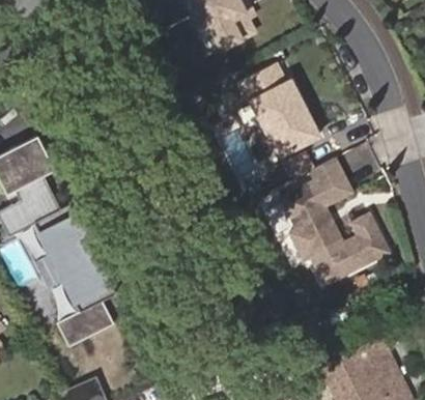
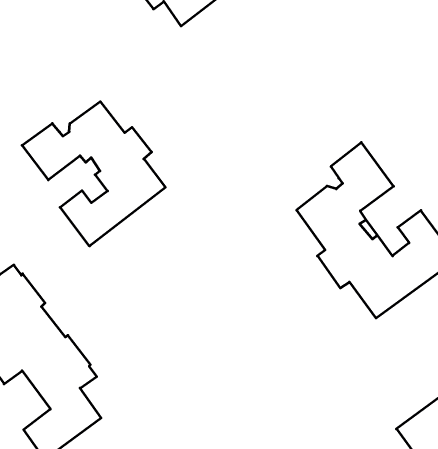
building: [239,63,320,159] -> none
building: none -> [22,102,165,246]

